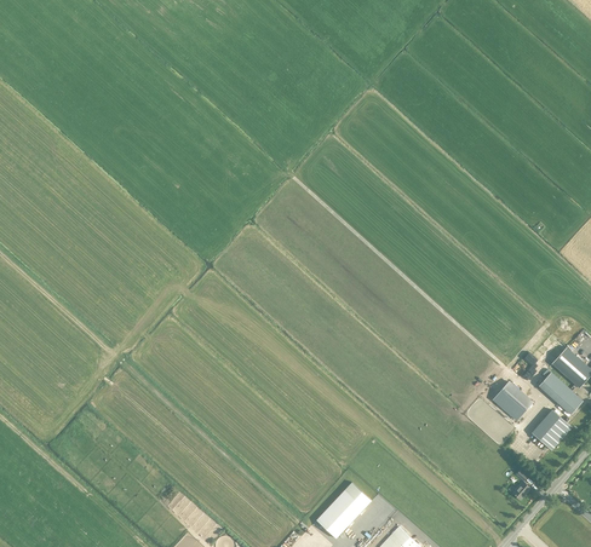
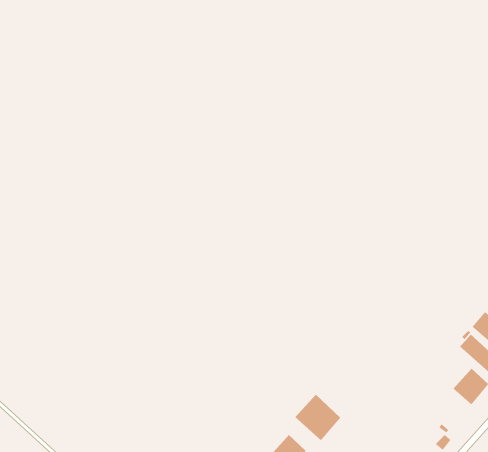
building: [493,381,532,420] -> none
building: none -> [294,394,341,441]

